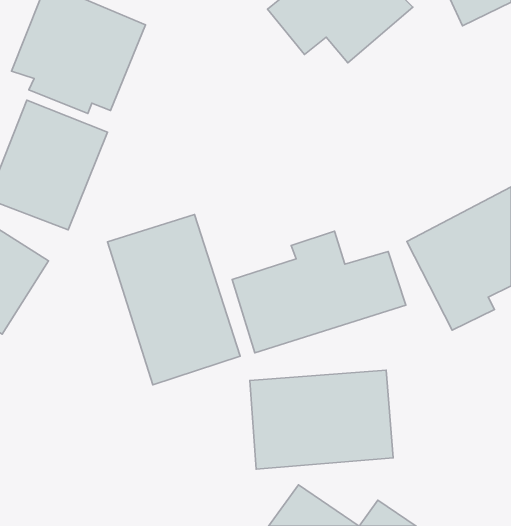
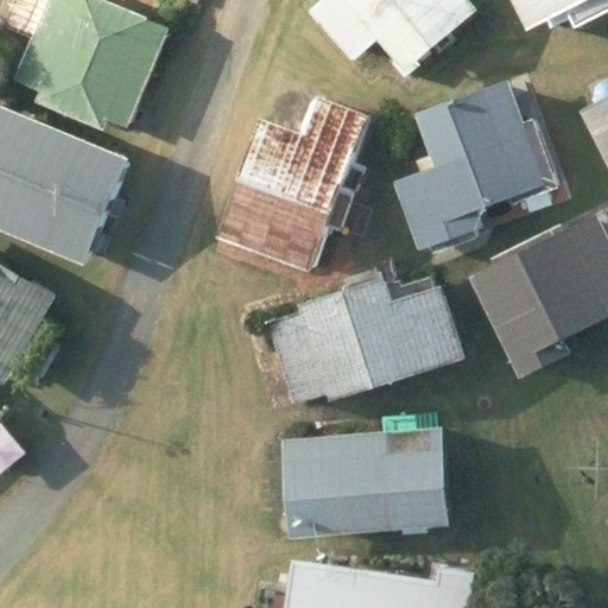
building: none -> [398,82,546,251]
building: none -> [233,96,369,235]
building: [108,214,240,385] -> none

